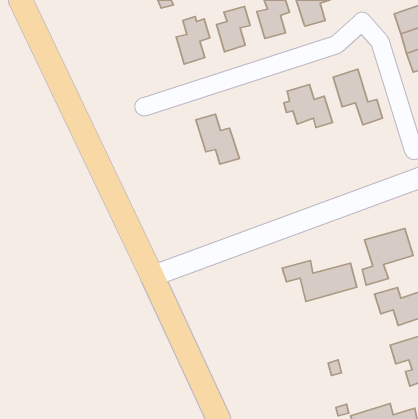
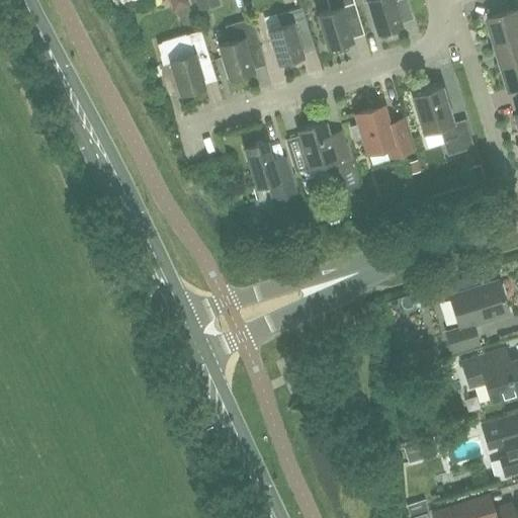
building: none -> [159,35,211,95]
building: none -> [299,123,357,192]
building: [282,260,357,302] -> none

